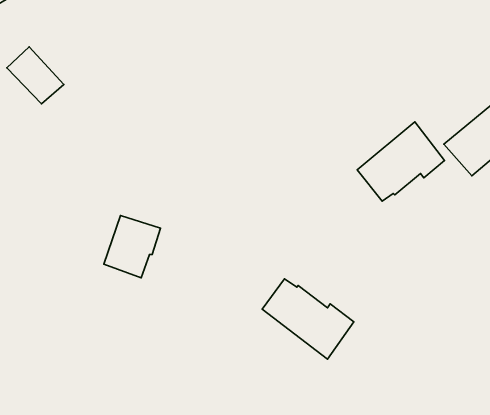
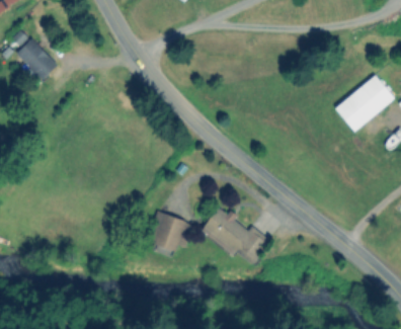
building: [357,122,445,201] -> none
building: [104,216,161,278] -> [145,212,186,257]

